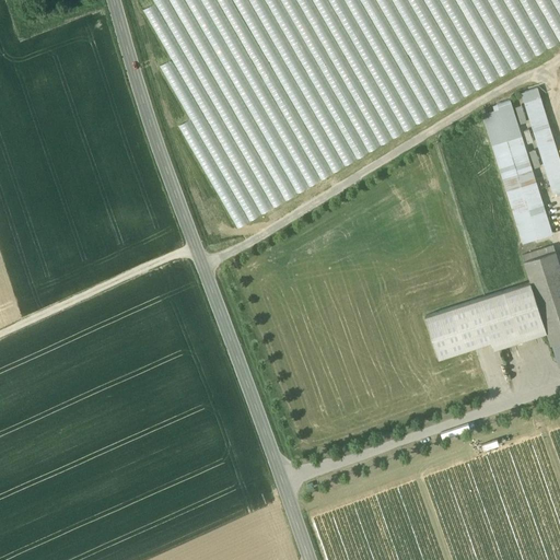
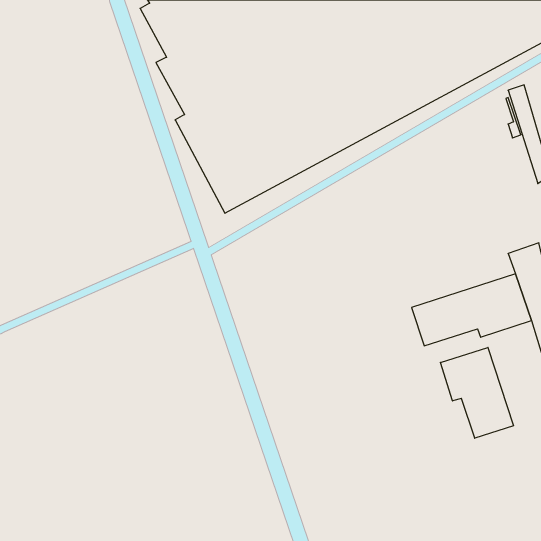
building: [483,104,553,243] -> none
building: none -> [440,347,513,438]

